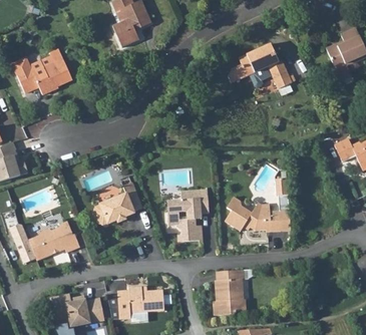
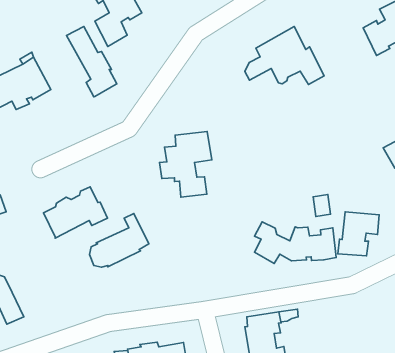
building: none -> [66,26,117,97]
building: [166,190,209,241] -> [159,131,212,197]
building: none -> [338,212,379,256]
building: [28,221,79,260] -> [43,187,108,238]

